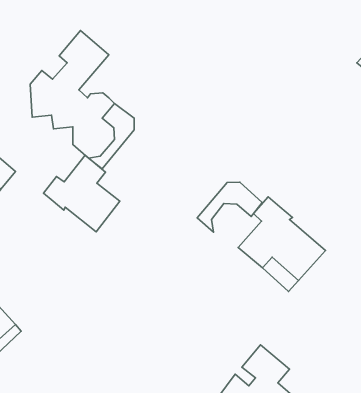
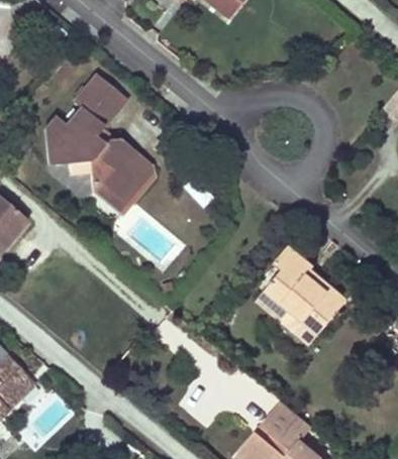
building: [43,155,120,232] -> none
building: [197,182,262,232] -> none

